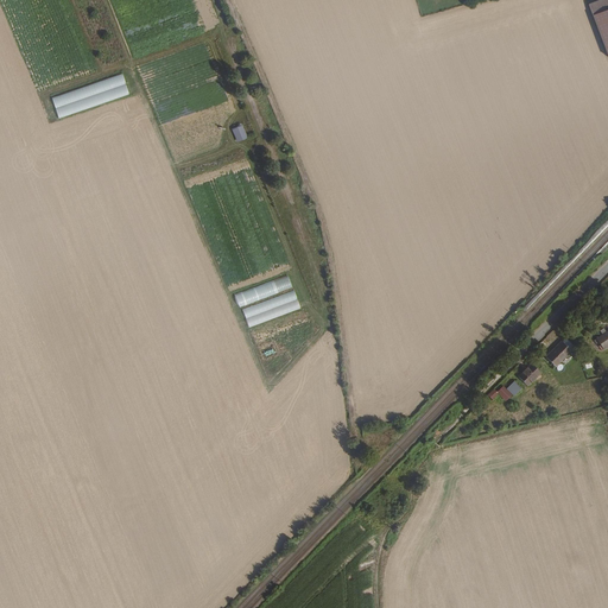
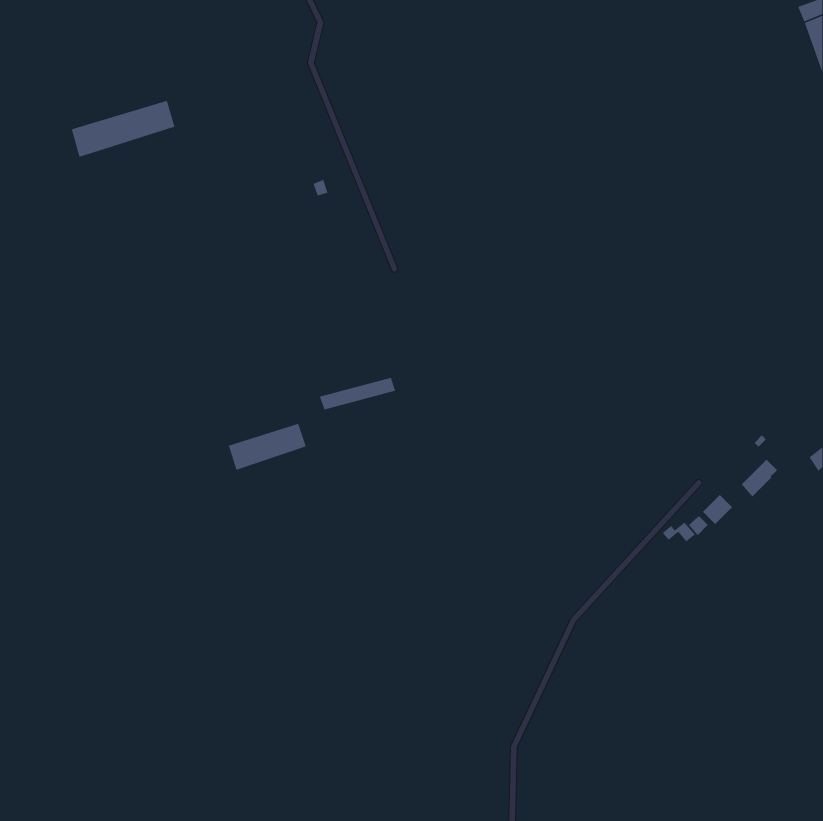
building: [242,290,300,325] -> [228,423,307,471]

